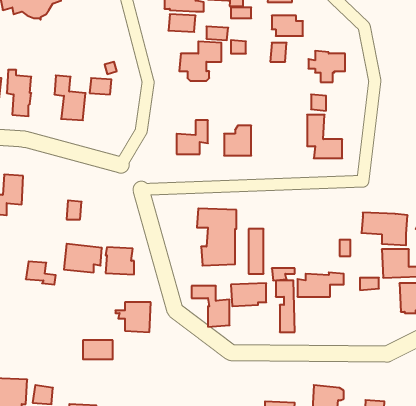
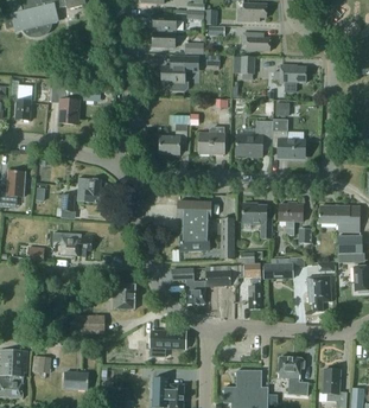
building: none -> [236,121,271,157]
building: none -> [241,202,269,236]
building: none -> [278,204,301,235]
building: [106,247,134,274] -> [77,178,102,202]
building: none -> [306,275,330,311]
building: none -> [148,330,185,356]

